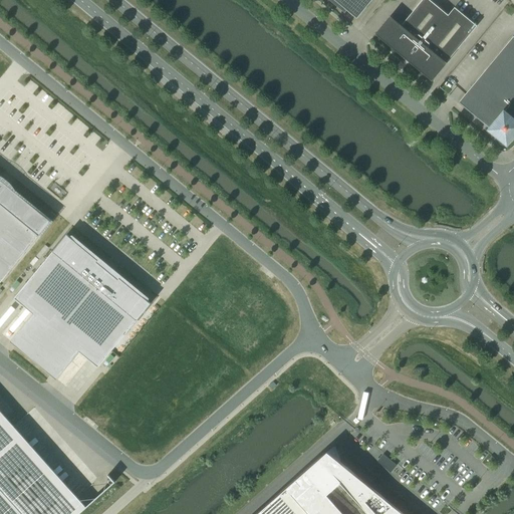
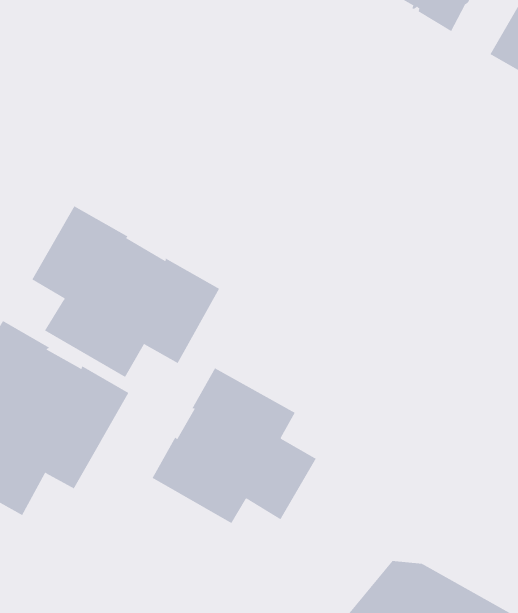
building: none -> [32,205,220,378]
building: none -> [152,367,316,524]

